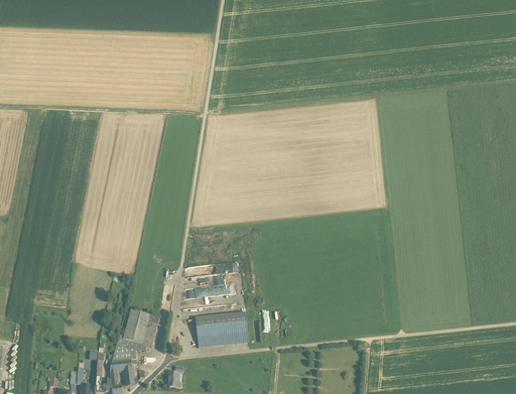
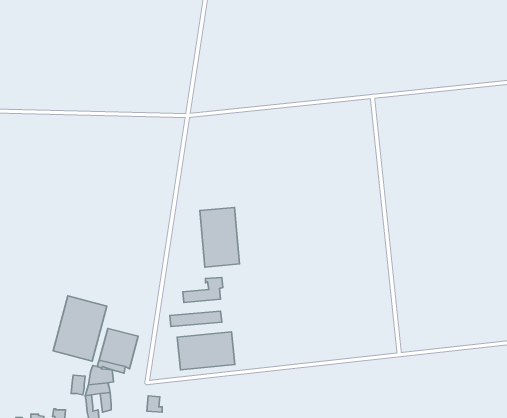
building: none -> [200,208,240,267]
building: none -> [53,296,107,361]

